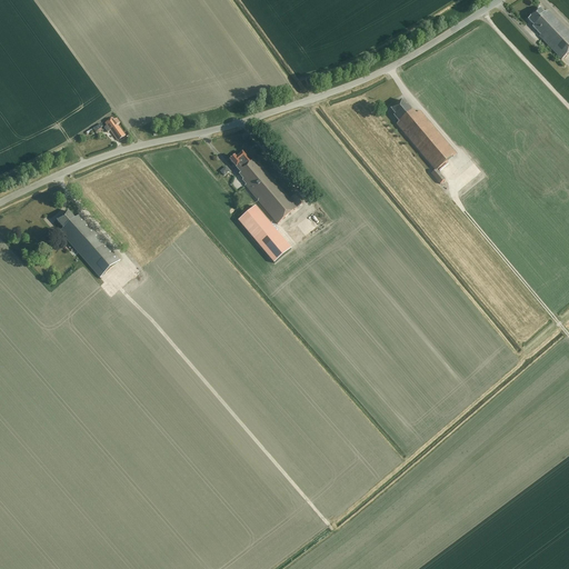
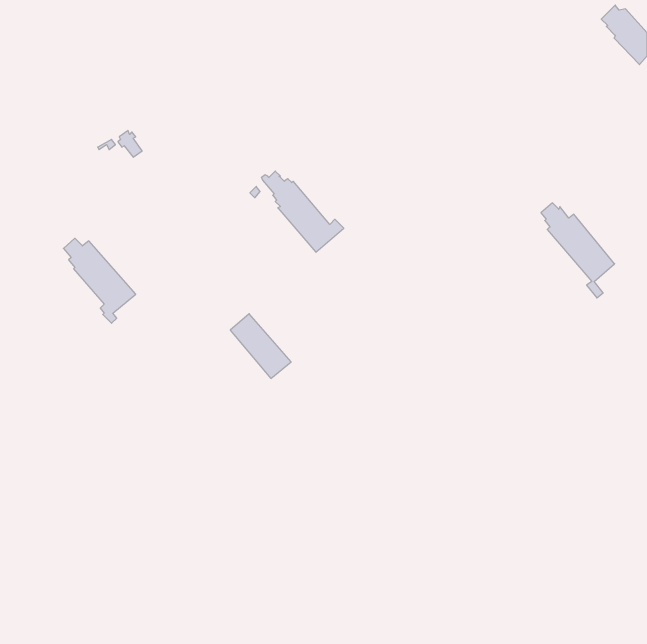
building: [390,98,455,181] -> [541,203,615,298]
building: [238,203,291,260] -> [230,314,291,378]

